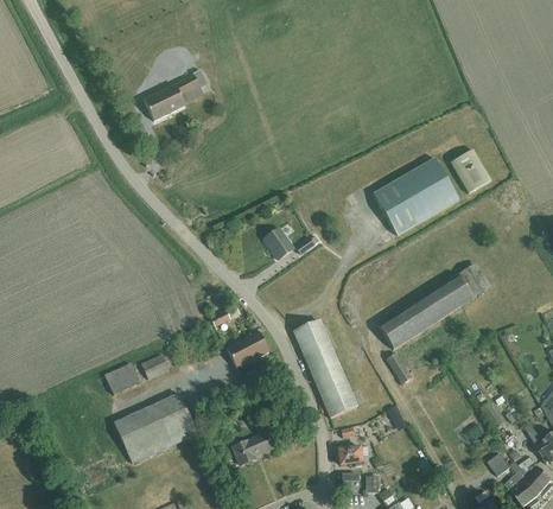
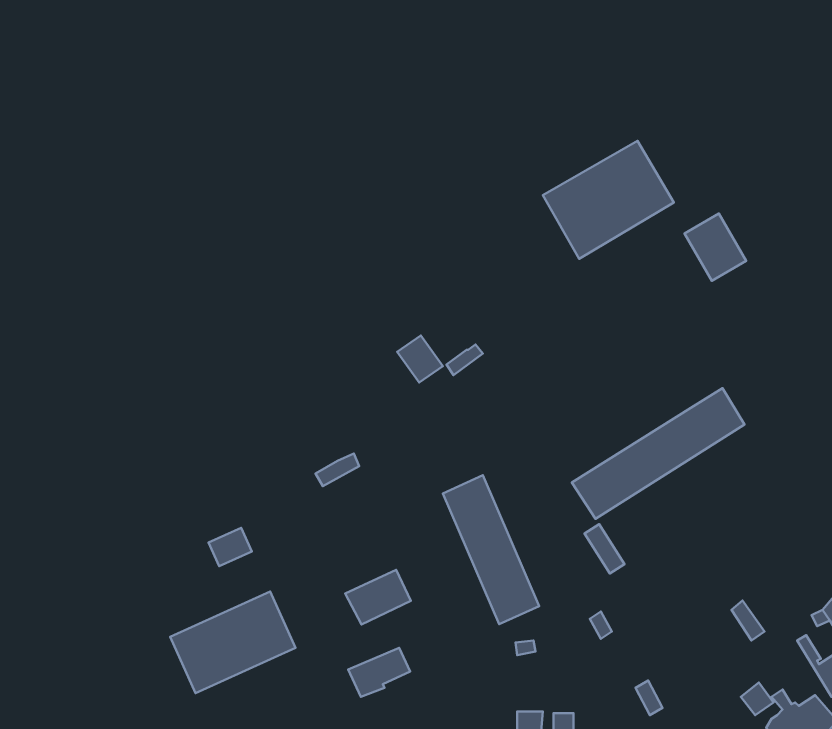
building: [144,69,206,120] -> none
building: [373,157,458,234] -> [543,141,674,259]
building: [225,331,268,367] -> [345,570,411,624]
building: [103,362,140,394] -> none
building: [337,445,369,465] -> none

